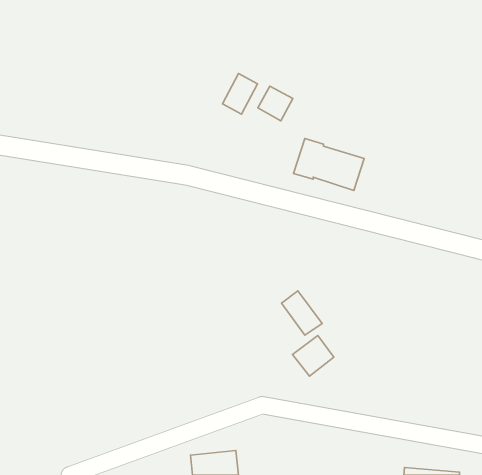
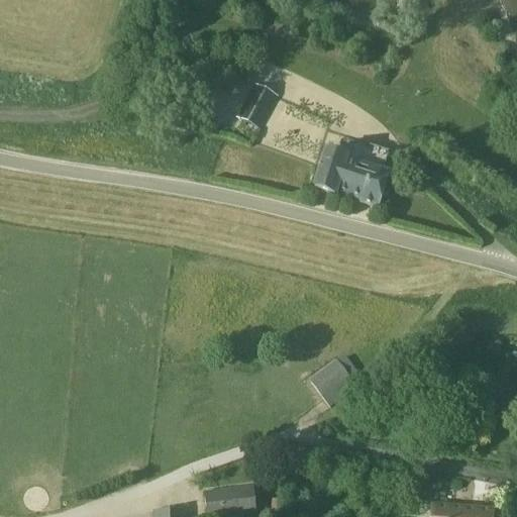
building: [258,86,293,121] -> none
building: [281,291,322,335] -> none

